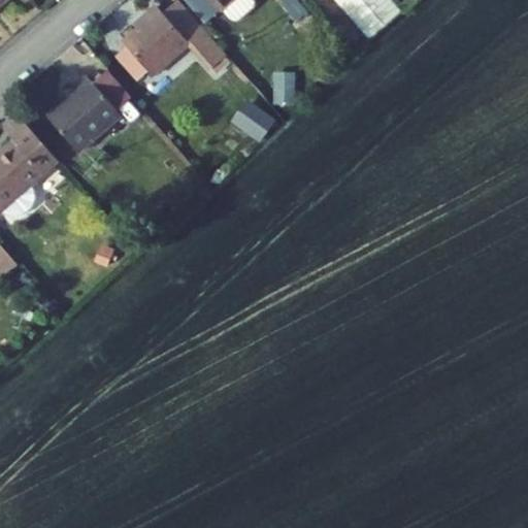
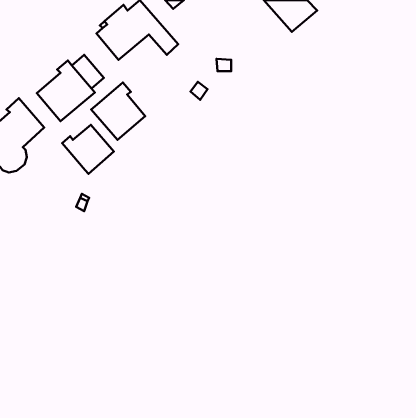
building: none -> [91,82,145,140]
building: none -> [62,125,114,174]

